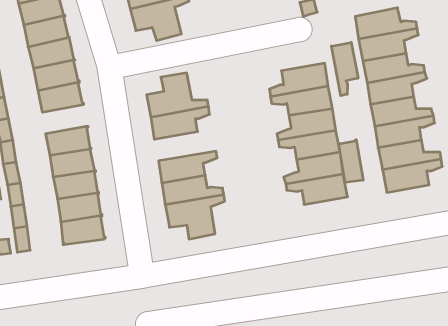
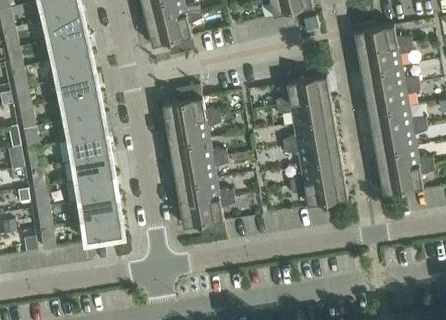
building: [331,42,358,96] -> none
building: none -> [66,114,108,141]
building: none -> [169,139,226,166]
building: [338,140,363,182] -> none

